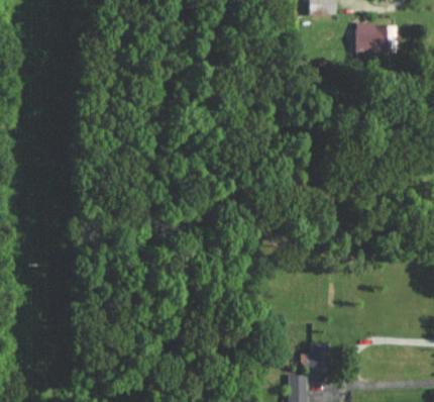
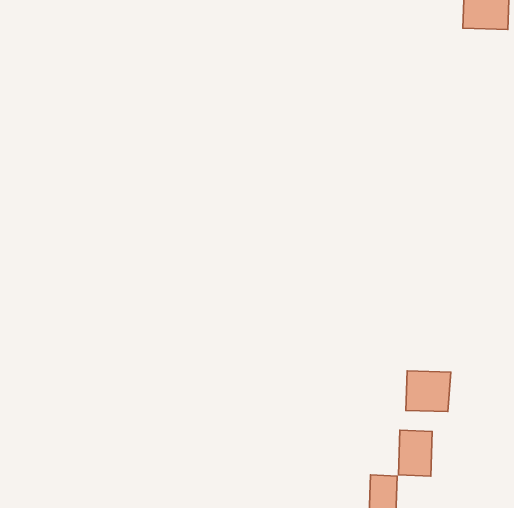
building: none -> [406,371,451,412]

